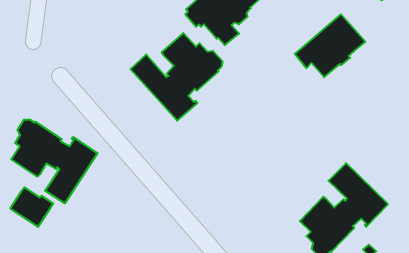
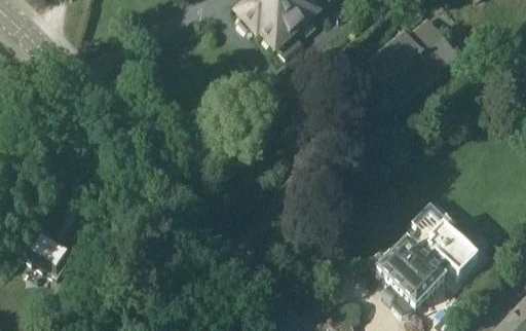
building: [130,33,222,121] -> none
building: [11,120,98,203] -> none

